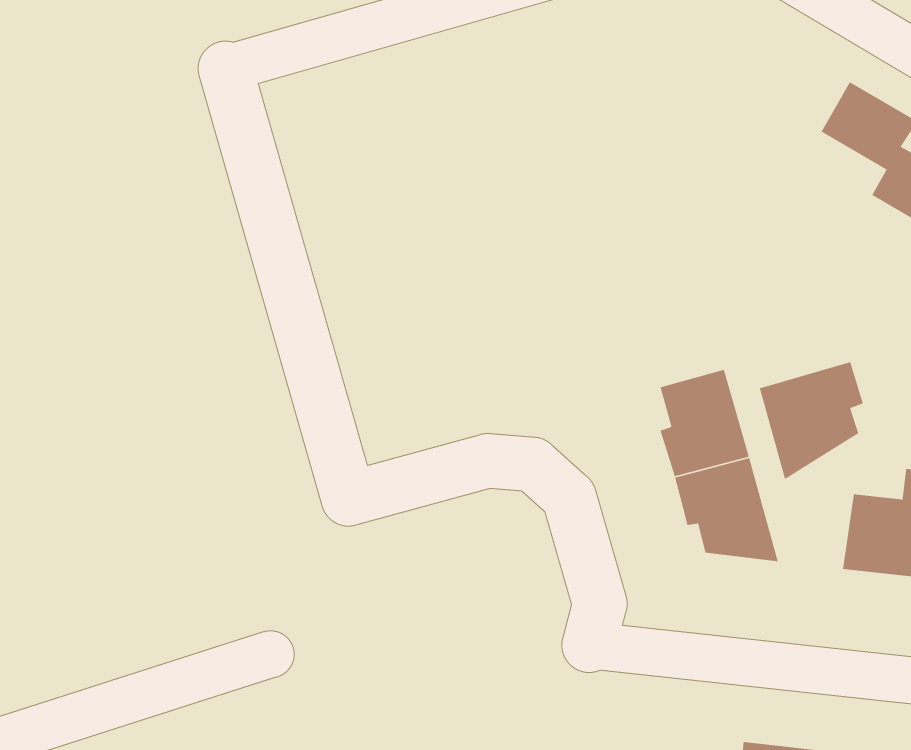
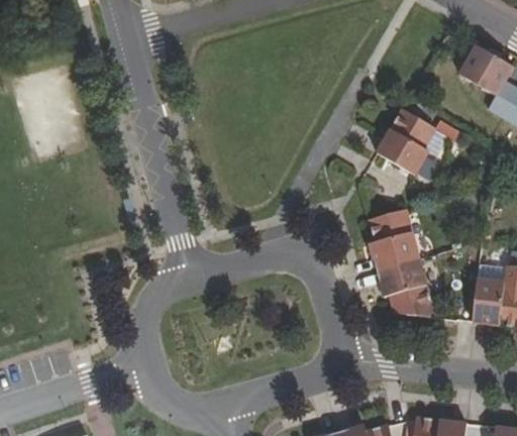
building: none -> [377,110,435,175]
building: [759,361,864,480] -> none

